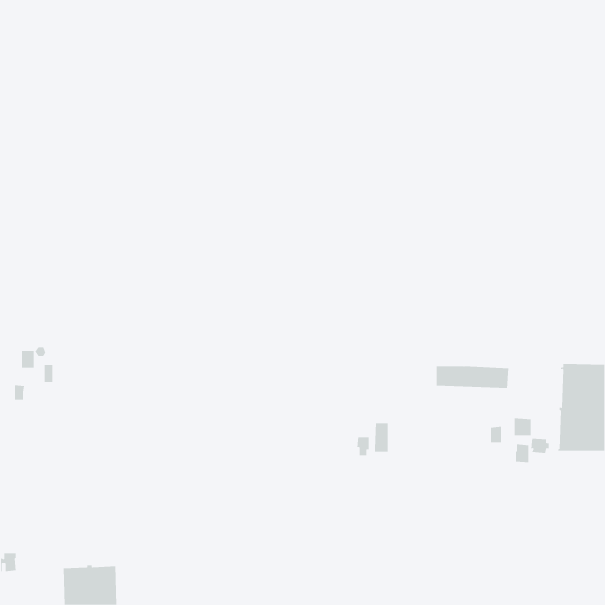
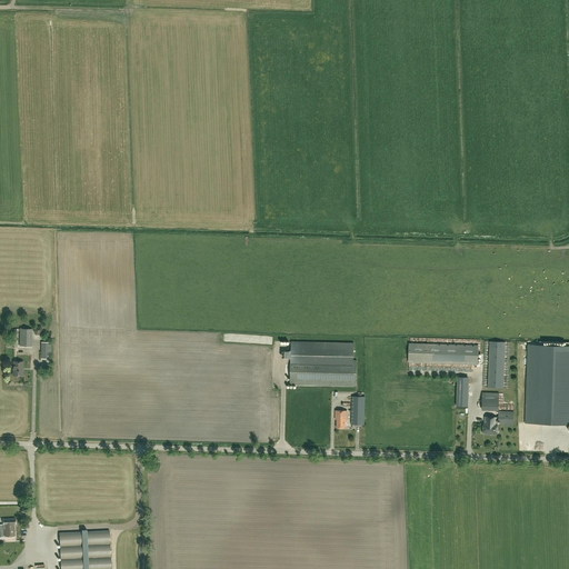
building: none -> [488,341,506,388]
building: none -> [284,342,357,386]

